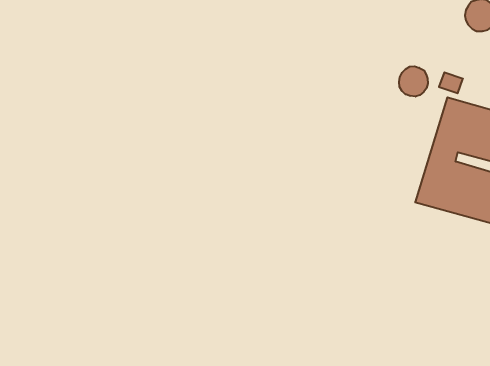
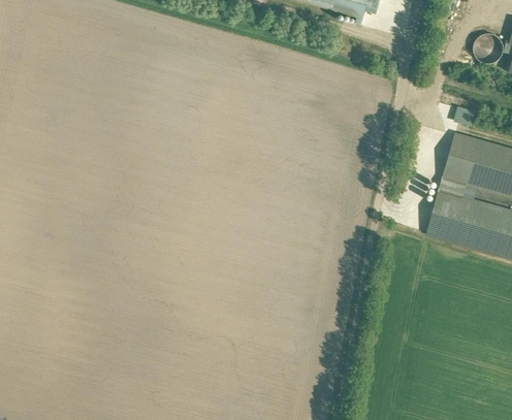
building: [399,66,428,97] -> none

